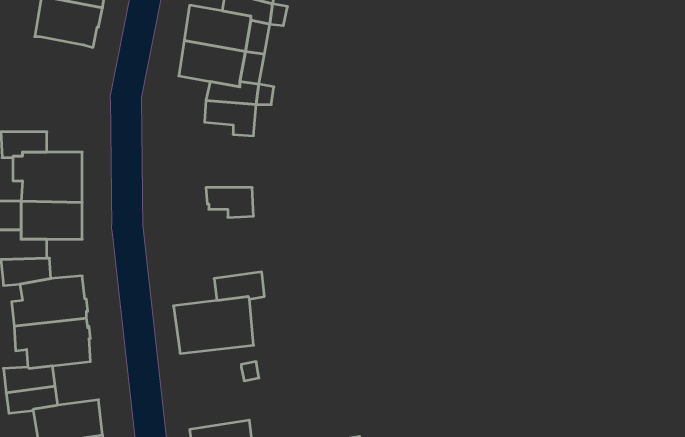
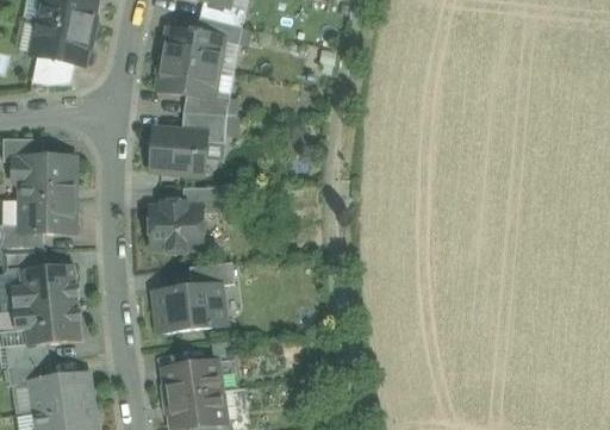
building: none -> [30,55,74,86]
building: none -> [149,129,205,173]
building: none -> [149,201,201,249]
building: none -> [163,360,219,399]

